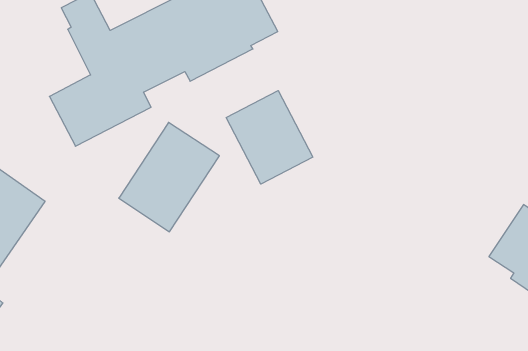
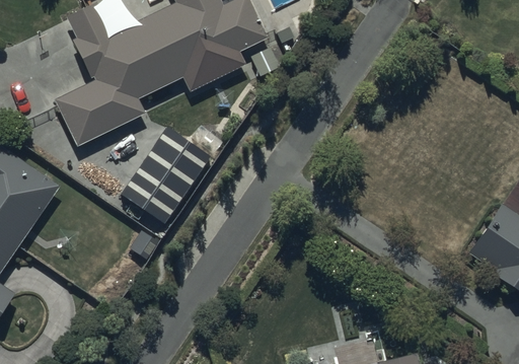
building: [226,91,313,184] -> none

